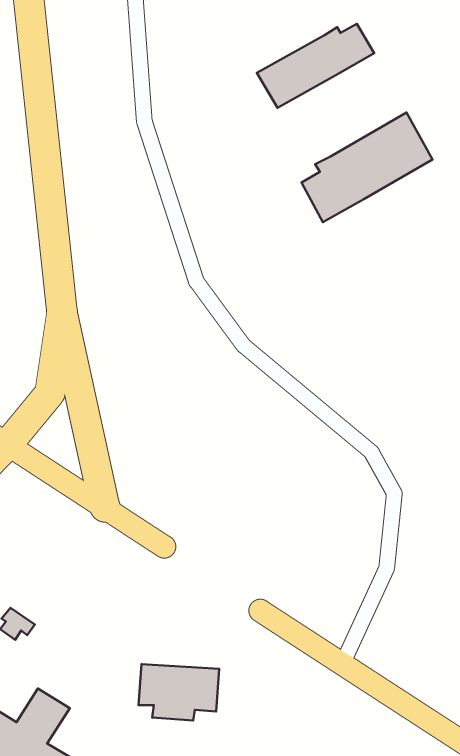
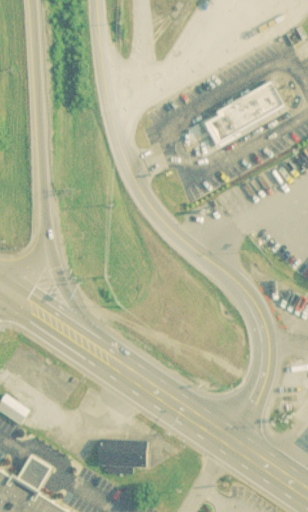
building: [257,24,374,108] -> none

